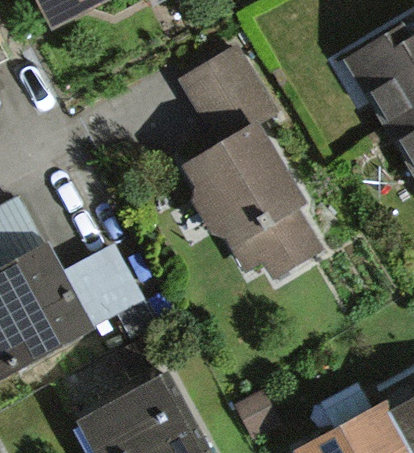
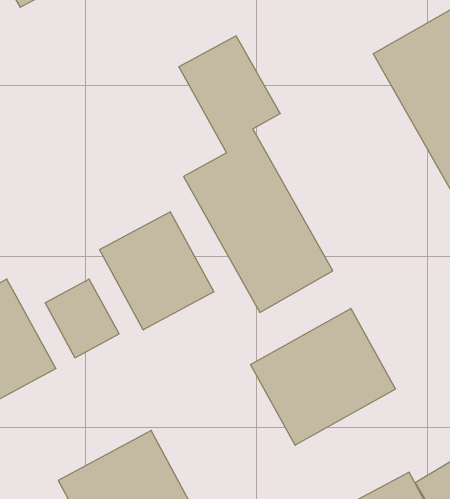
building: none -> [100,212,214,330]
building: none -> [251,308,395,445]

